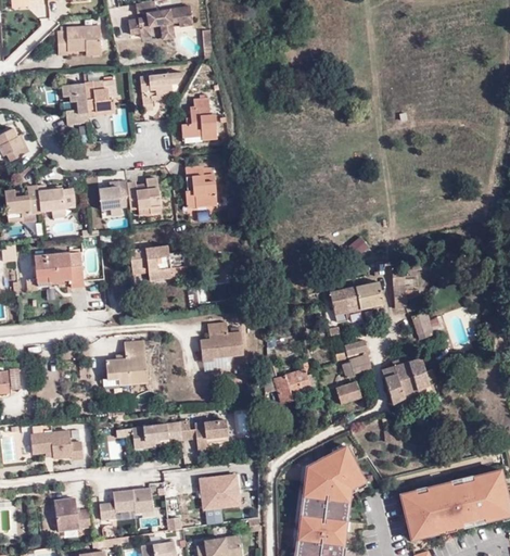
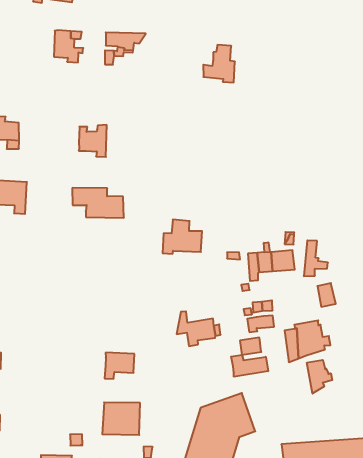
building: [63,84,89,124] -> none
building: [181,99,217,139] -> [203,45,235,82]
building: [186,167,217,207] -> none
building: [99,180,129,208] -> none
building: [200,323,243,362] -> [163,220,202,254]
building: [104,341,145,384] -> none
building: none -> [307,360,332,394]
building: none -> [231,355,268,377]
building: [129,421,189,448] -> none
building: [100,488,153,519] -> none

